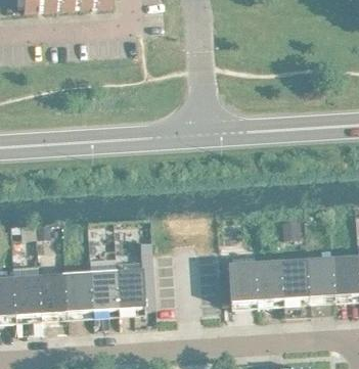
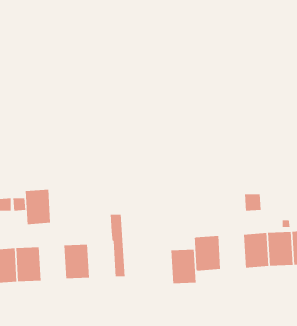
building: [254,261,281,297] -> [170,249,197,284]
building: [115,268,143,307] -> none
building: [63,272,91,310] -> [25,189,51,225]

